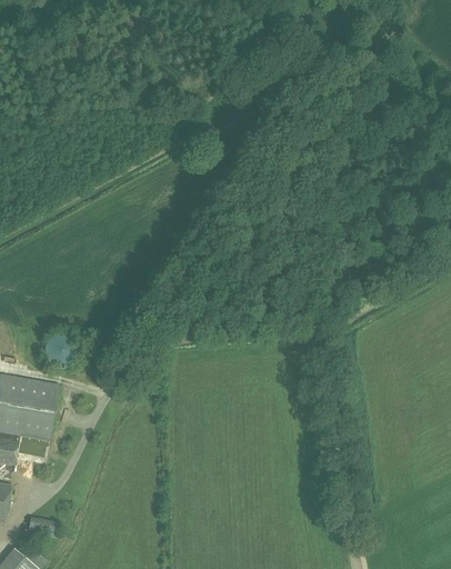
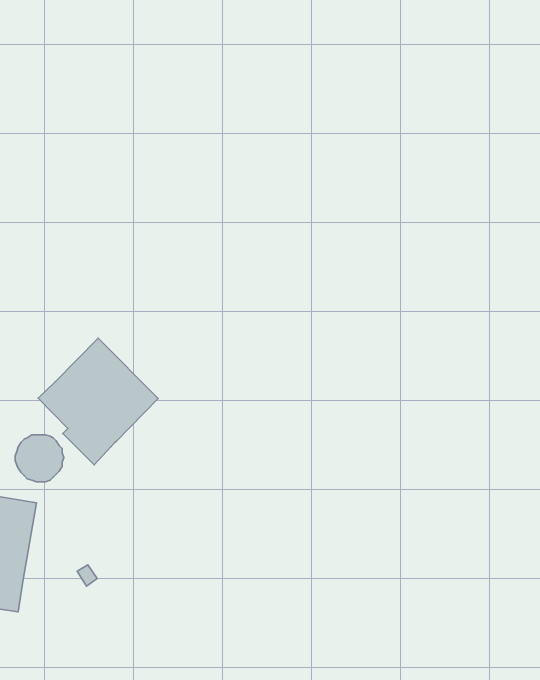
building: none -> [38,338,158,465]

